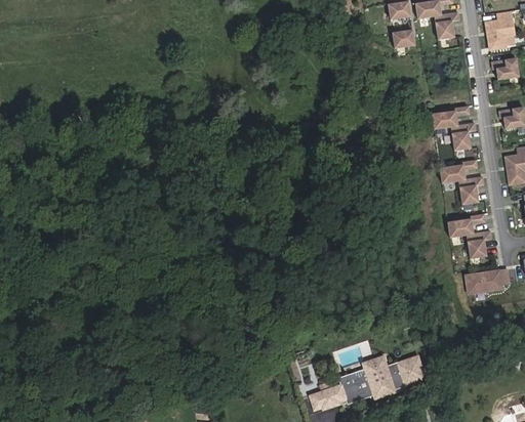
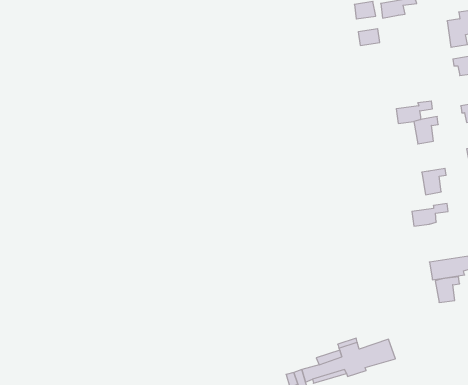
building: [433,13,458,41] -> none
building: [439,161,477,184] -> none
building: [466,233,491,259] -> [435,277,460,302]

